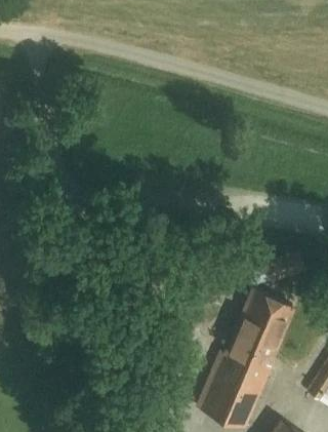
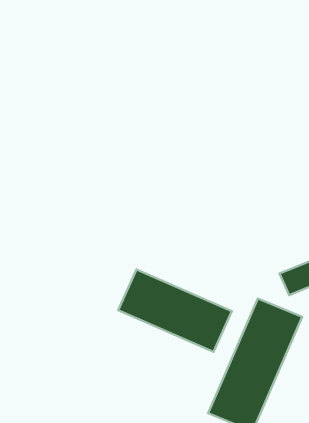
building: none -> [118,270,232,352]

